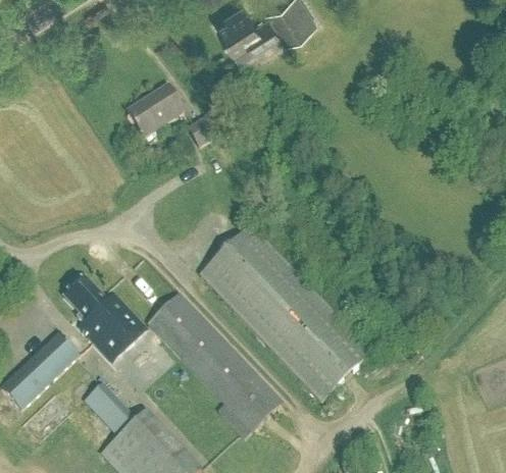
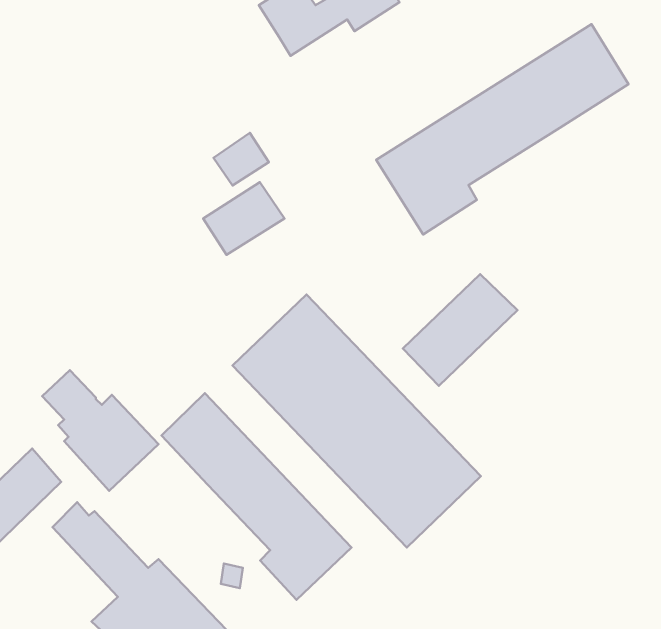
building: none -> [376,24,628,234]
building: [128,85,185,136] -> [203,182,285,255]
building: none -> [403,274,518,386]

